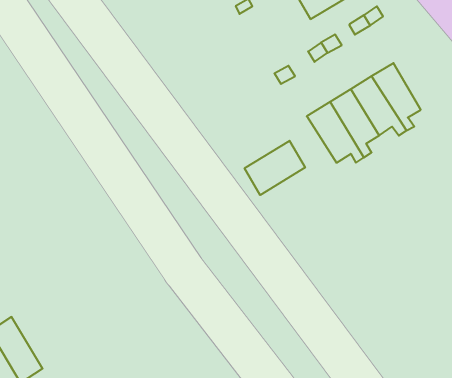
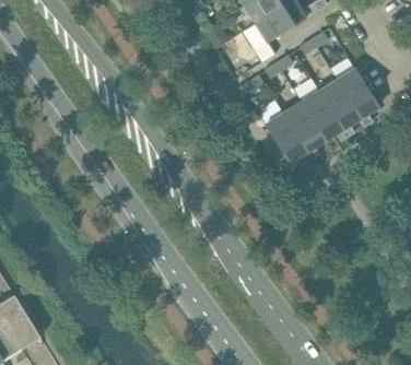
building: none -> [337,68,379,127]
building: [245,141,305,195] -> none

